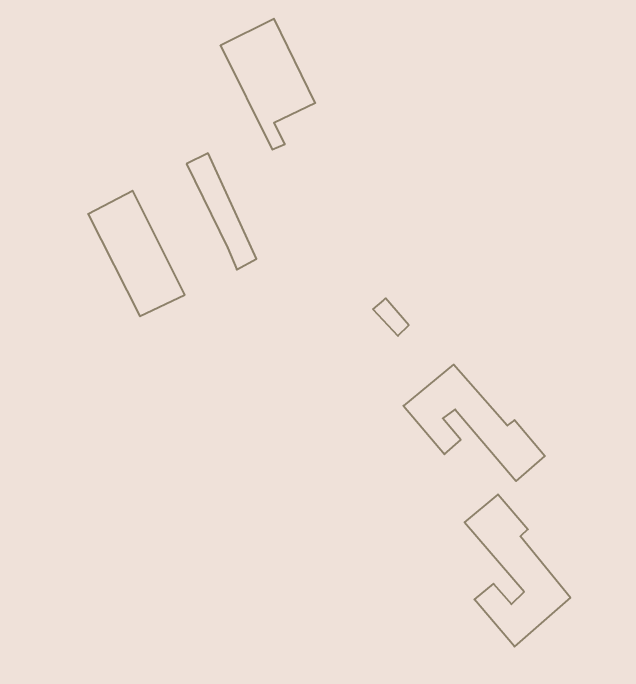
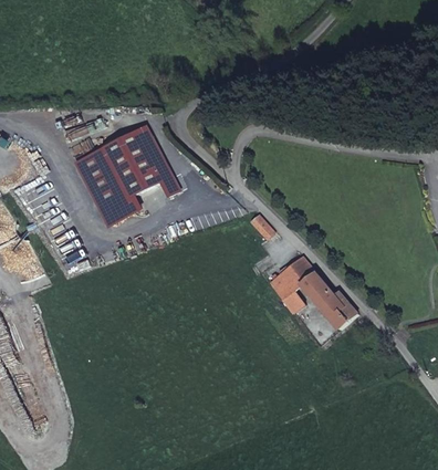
building: [220,19,315,150] -> [101,130,159,211]
building: [465,494,570,647] -> none

